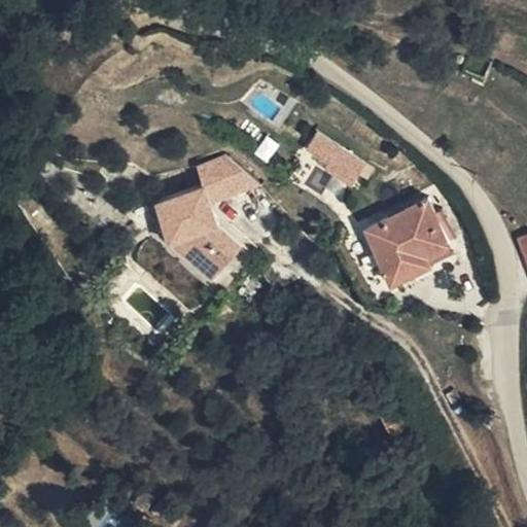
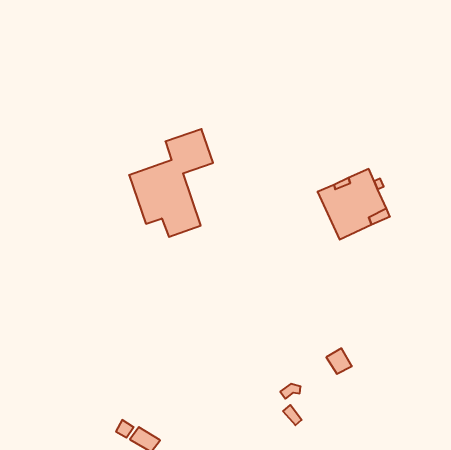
building: [301,132,366,188] -> none

